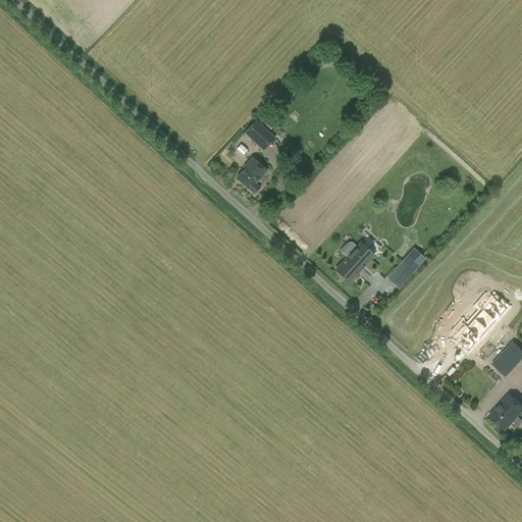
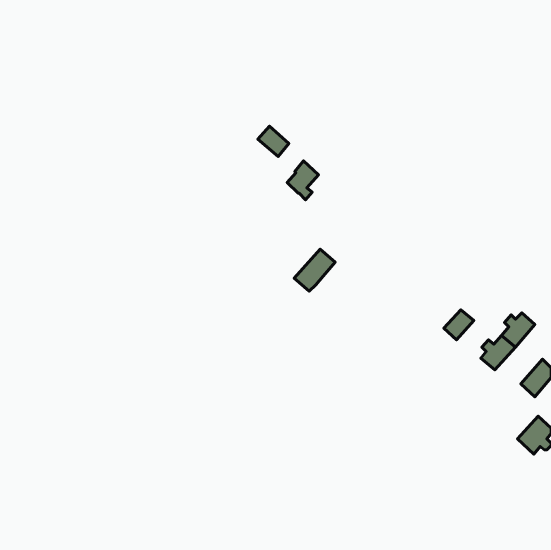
building: [237,156,266,193] -> [287,161,319,200]
building: [335,241,374,280] -> [294,249,335,291]
building: [386,259,415,288] -> [444,310,474,340]

